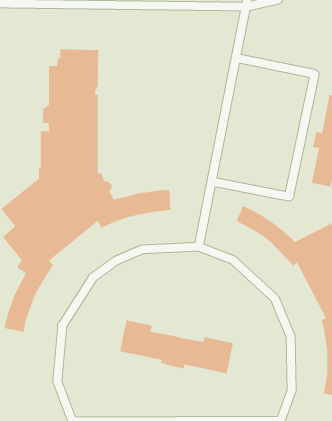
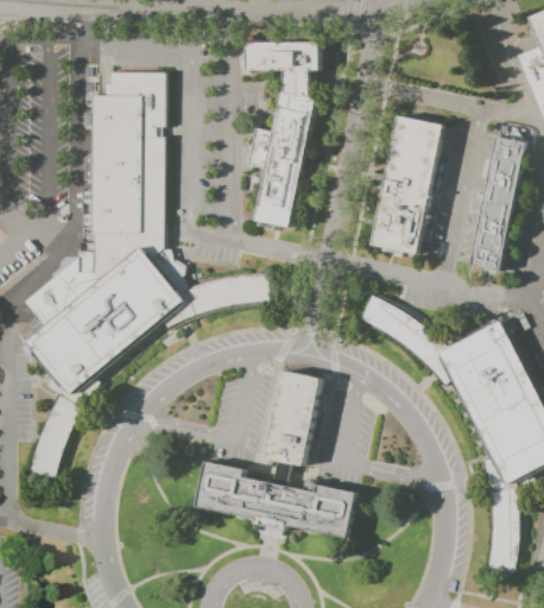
building: none -> [246,39,320,228]
building: none -> [371,114,442,253]
building: none -> [264,369,324,486]

